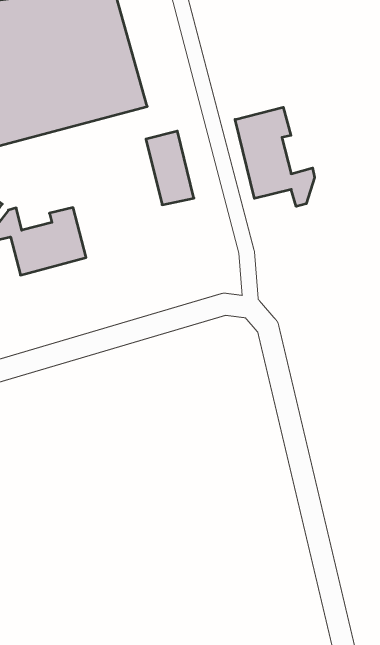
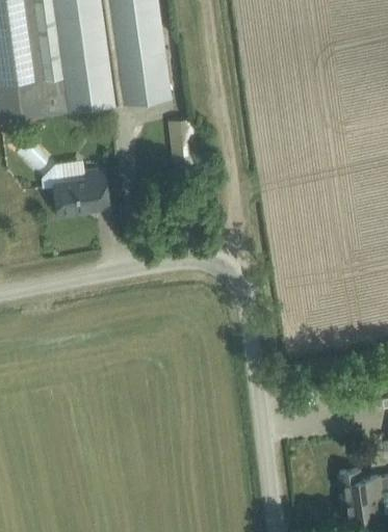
building: [235,107,315,206] -> none

